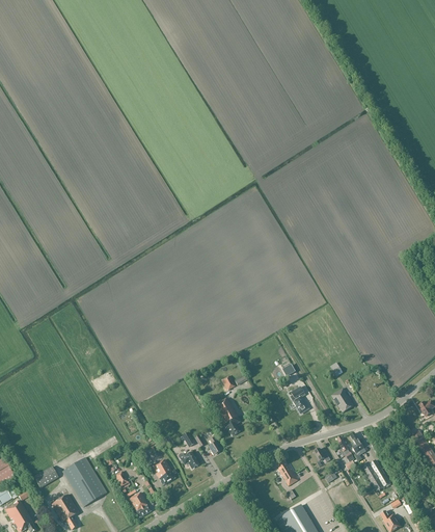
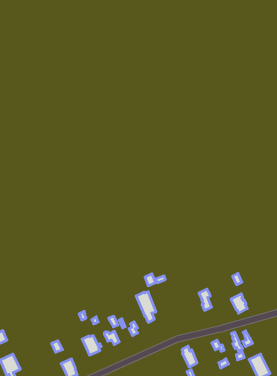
building: [61,457,106,506] -> none

